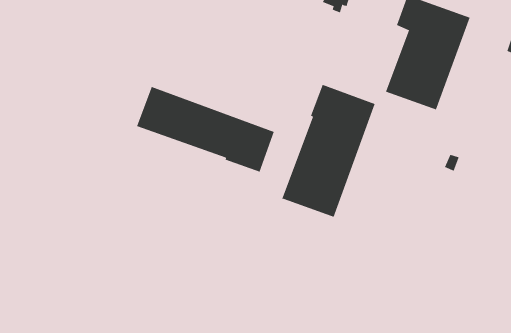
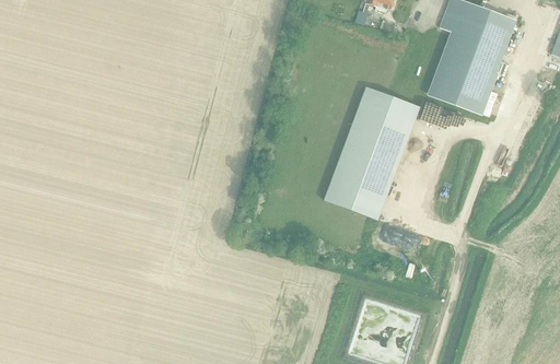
building: [136,86,275,172] -> none

